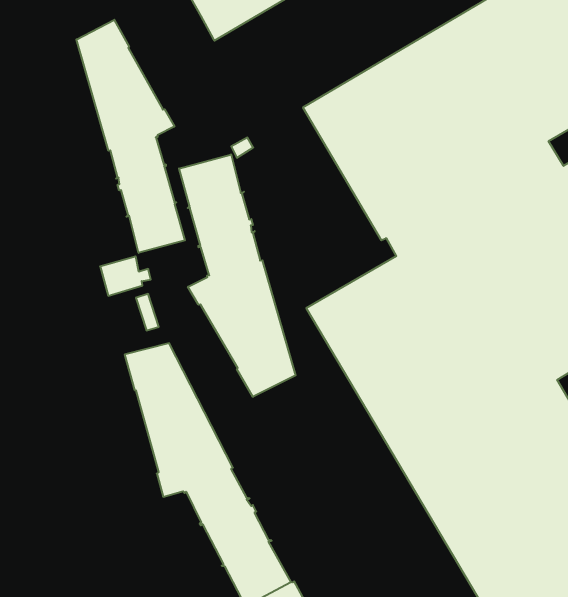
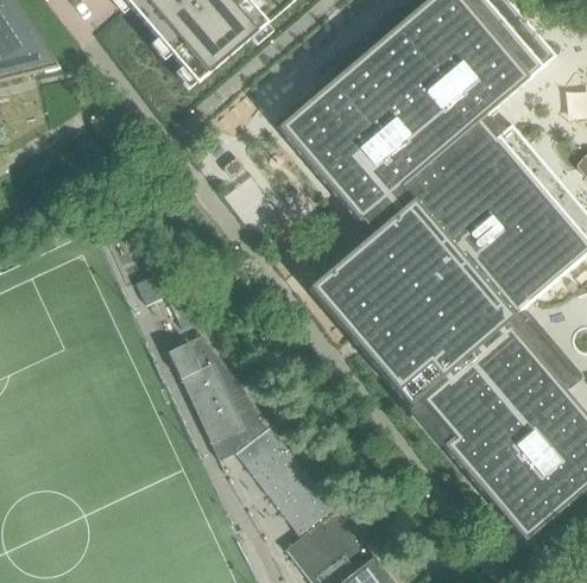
building: [76,20,185,253] -> none
building: [179,154,296,397] -> none

